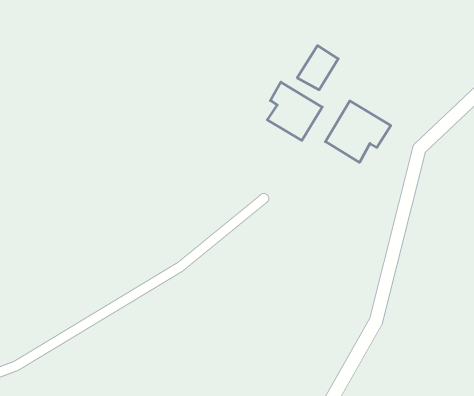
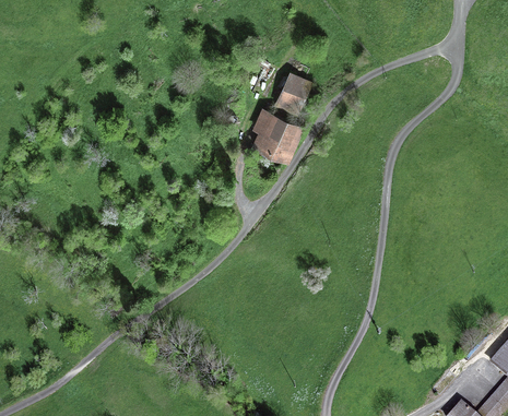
building: [325,101,391,162] -> none

